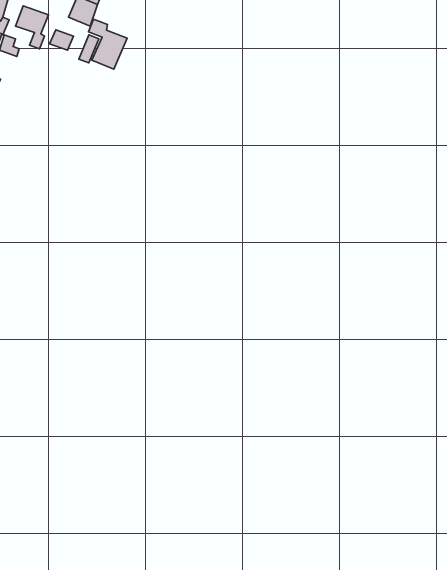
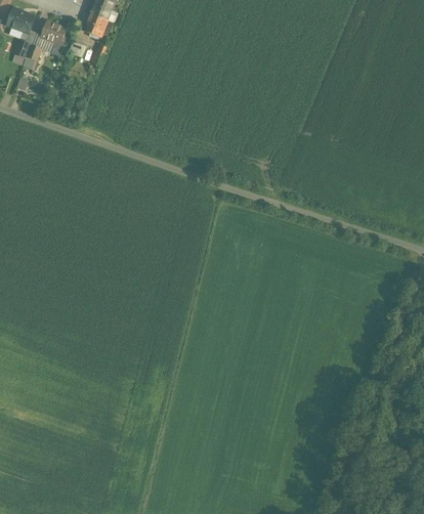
building: [88,19,127,69] -> none

